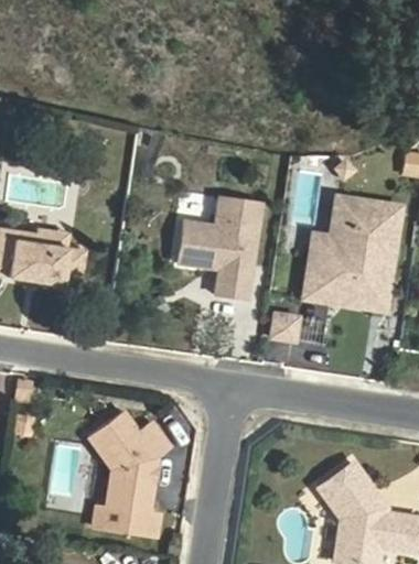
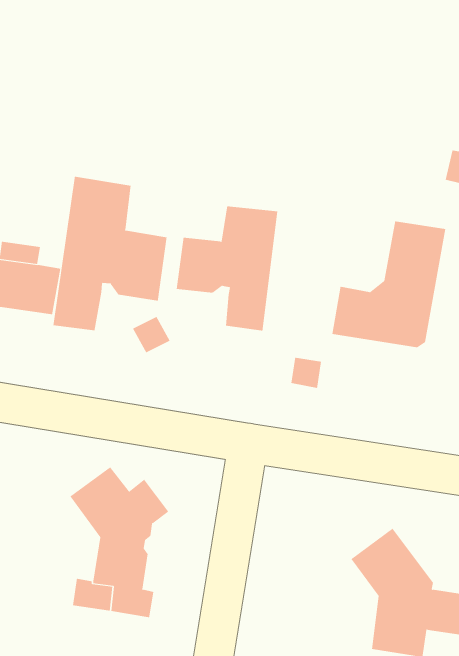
building: none -> [53,176,167,331]
building: [310,207,354,268] -> none

